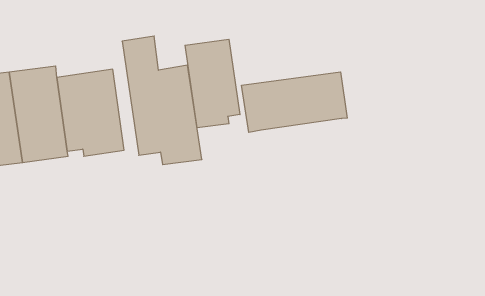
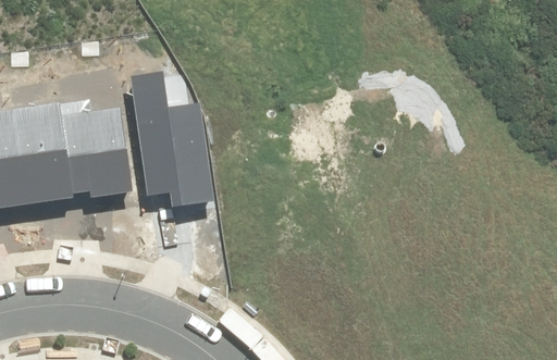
building: [185,39,240,128] -> none
building: [242,72,347,132] -> none

